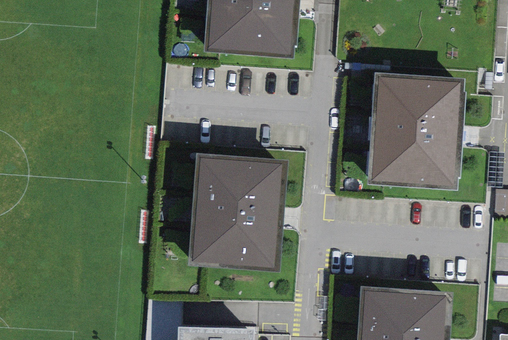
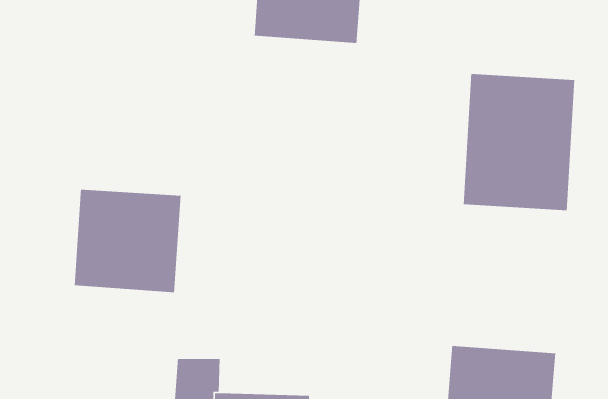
building: [194,158,283,267] -> none
building: none -> [74,189,181,293]

